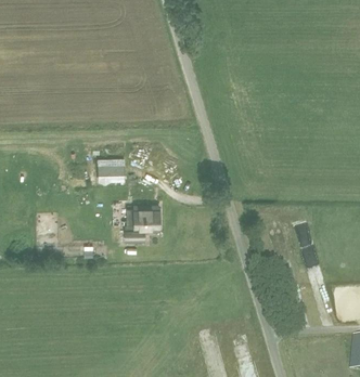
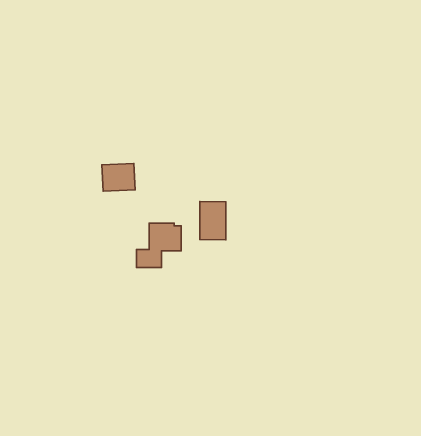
building: none -> [200,201,226,240]

